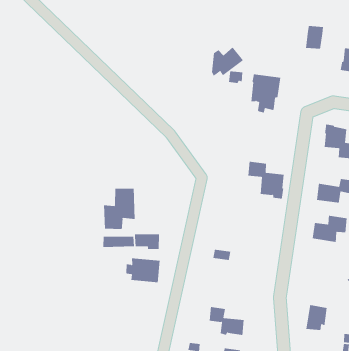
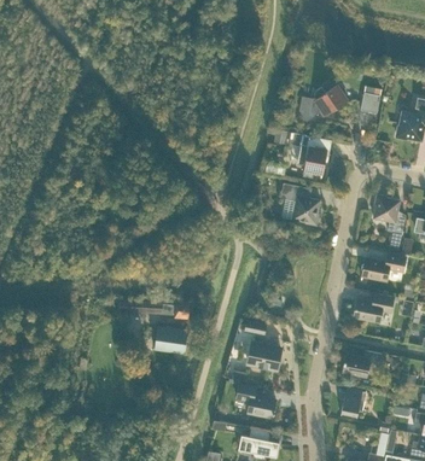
building: [211,46,244,77] -> [312,84,348,116]
building: [248,161,284,199] -> [280,182,320,226]
building: [104,188,135,230] -> none
building: none -> [248,342,280,369]
building: none -> [342,350,382,377]

